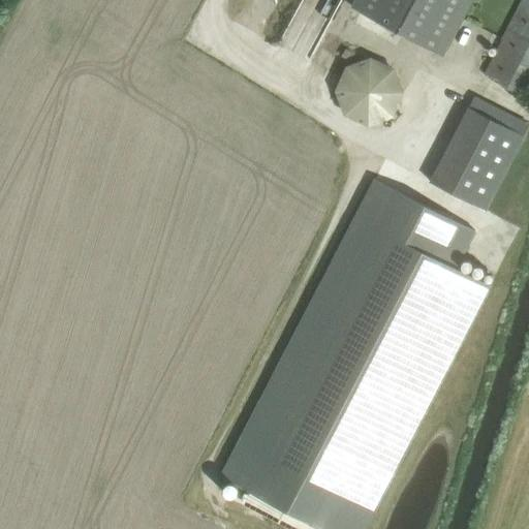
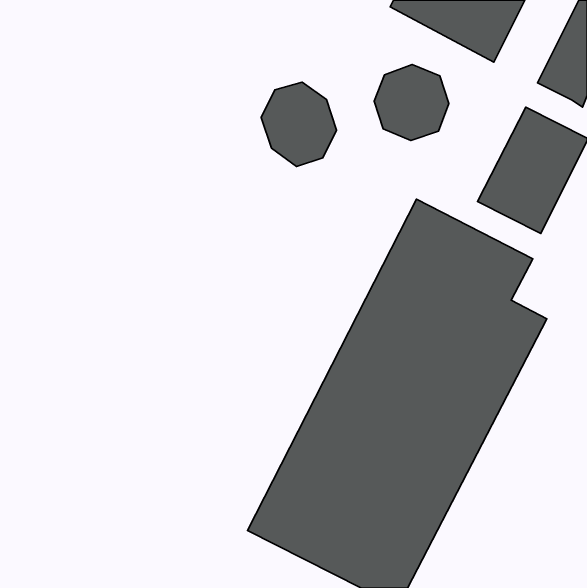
building: none -> [261,82,337,167]

